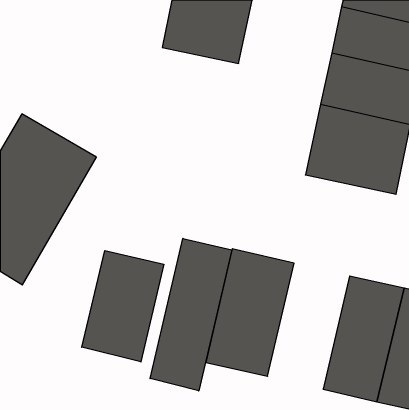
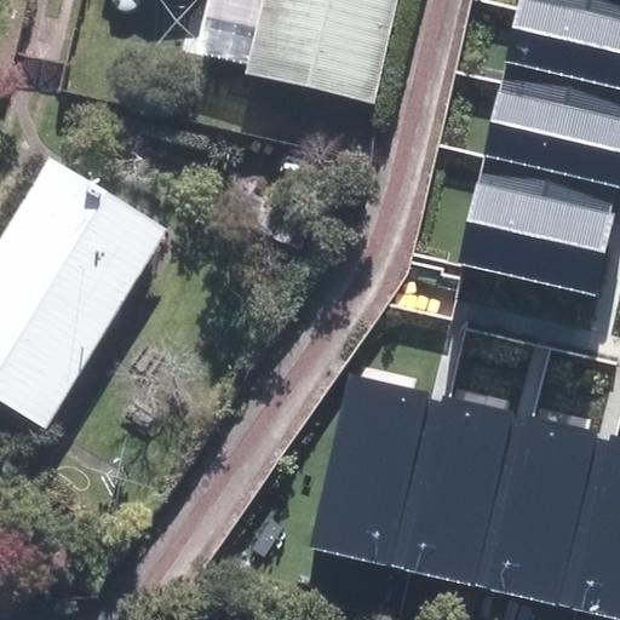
building: [150,238,232,391] -> none
building: [82,251,164,362] -> none
building: none -> [406,397,529,587]

